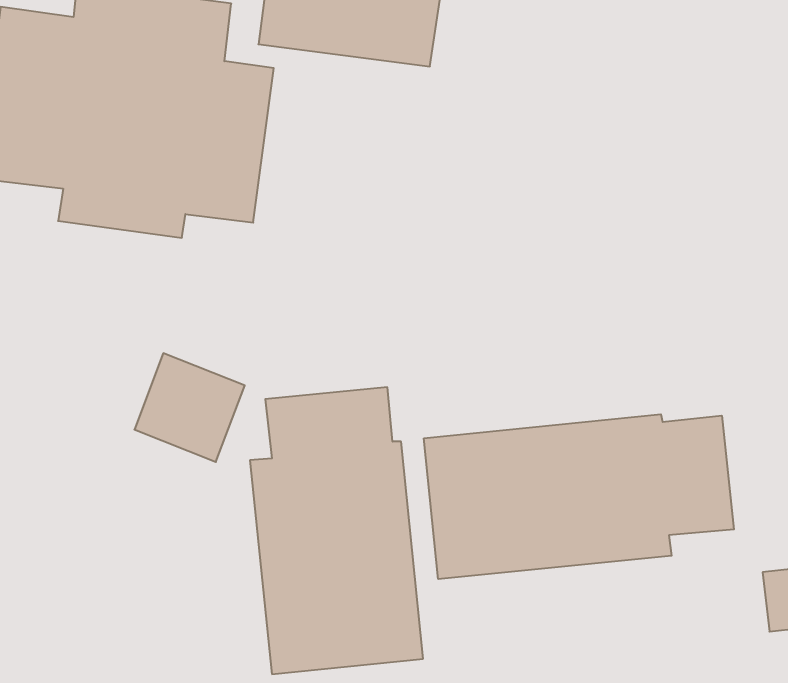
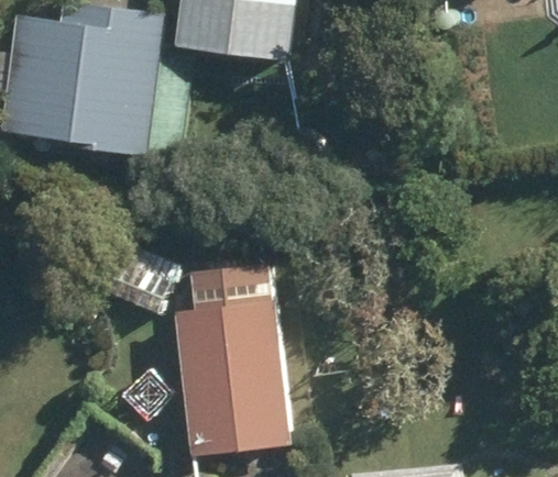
building: [424,414,734,579] -> none

